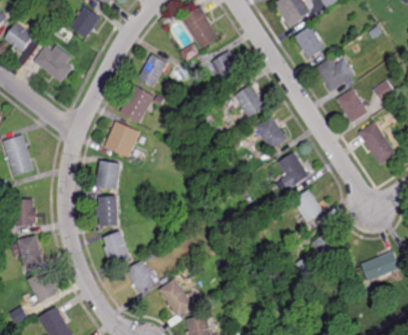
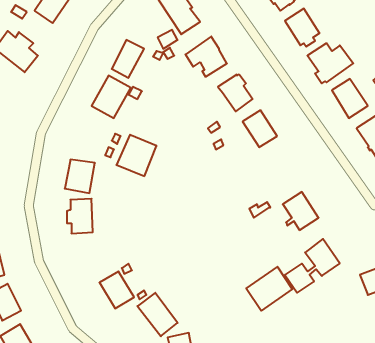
building: [104,121,140,158] -> [116,135,157,176]
building: [277,151,308,189] -> none
building: [105,231,134,265] -> none
building: none -> [246,267,292,311]

